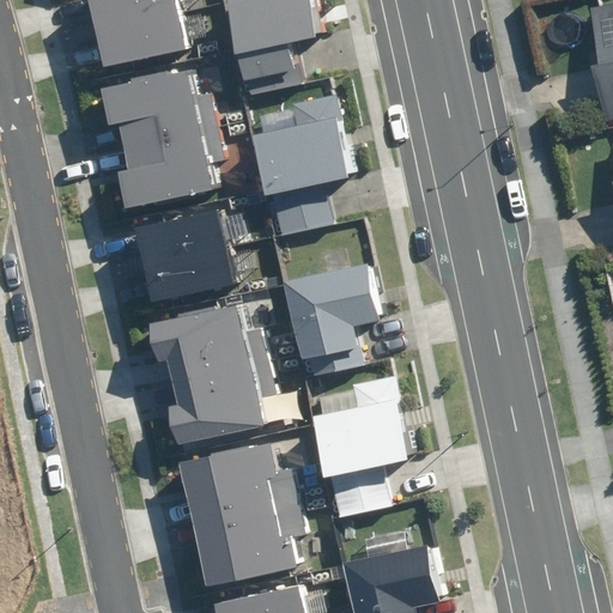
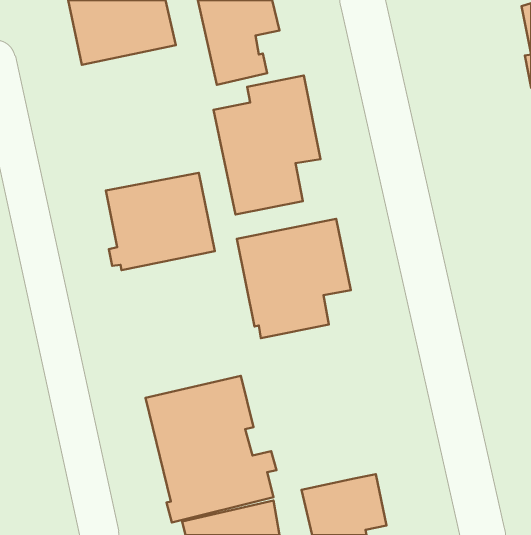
building: [97,66,233,206] -> none
building: [145,306,274,445] -> none
building: [310,375,409,516] -> none

